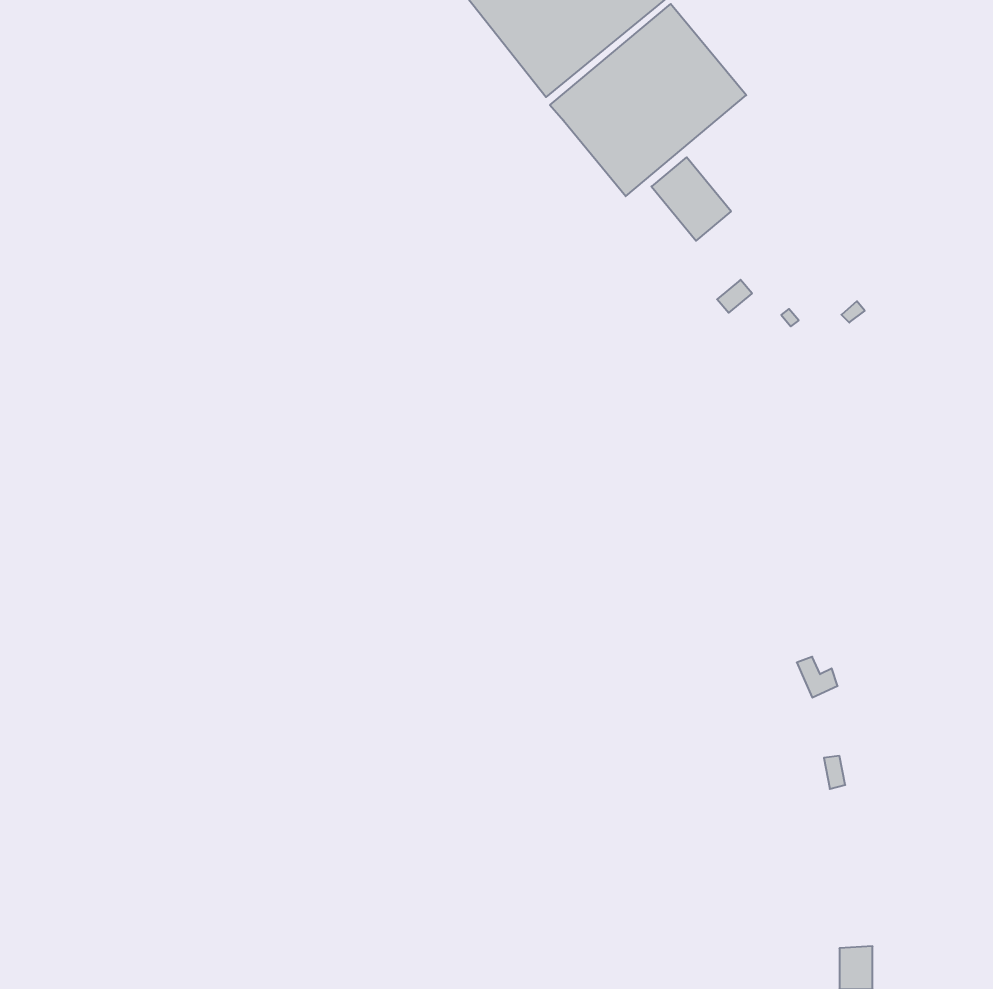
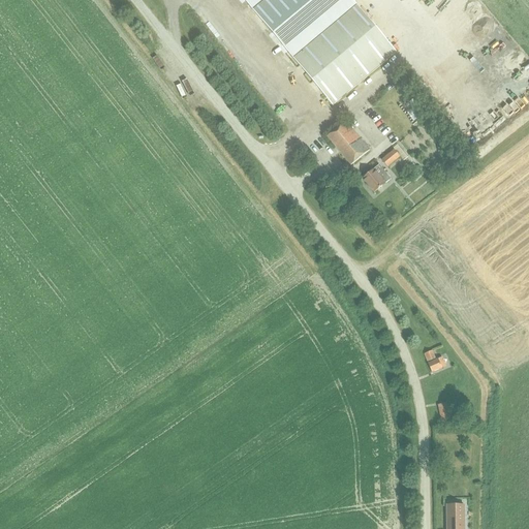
building: [651,157,731,241] -> [326,120,369,164]
building: none -> [362,163,391,192]

